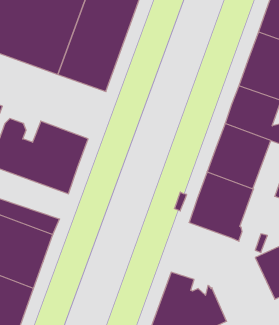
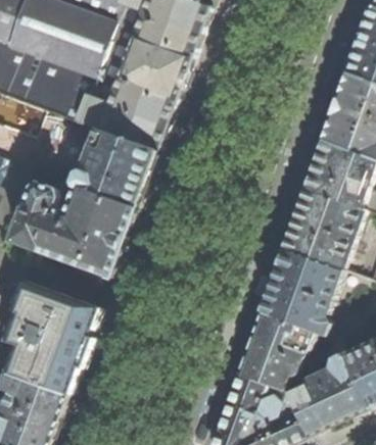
building: none -> [72,127,156,207]
building: none -> [238,311,314,389]
building: none -> [289,338,368,435]

